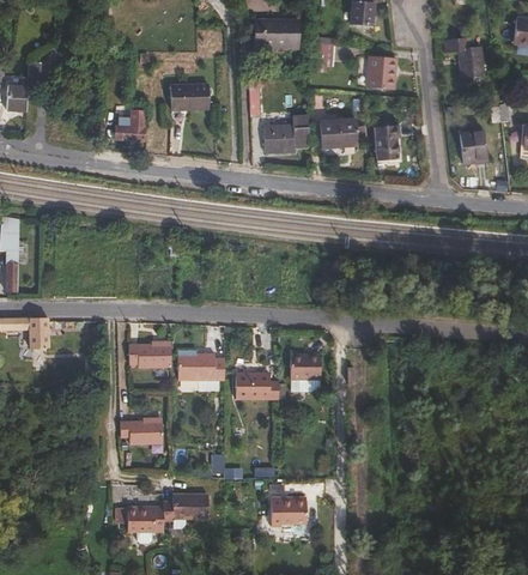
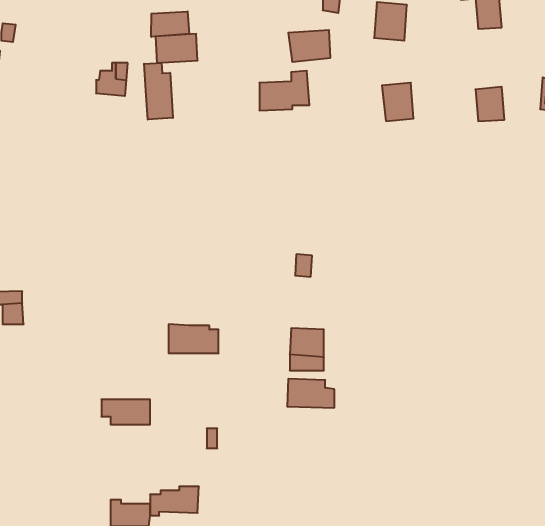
building: none -> [151,11,189,37]
building: none -> [144,63,173,120]
building: [318,121,357,150] -> [288,30,330,62]
building: [132,339,172,361] -> none
building: [236,369,279,395] -> [287,379,334,408]
building: [268,496,303,525] -> none

